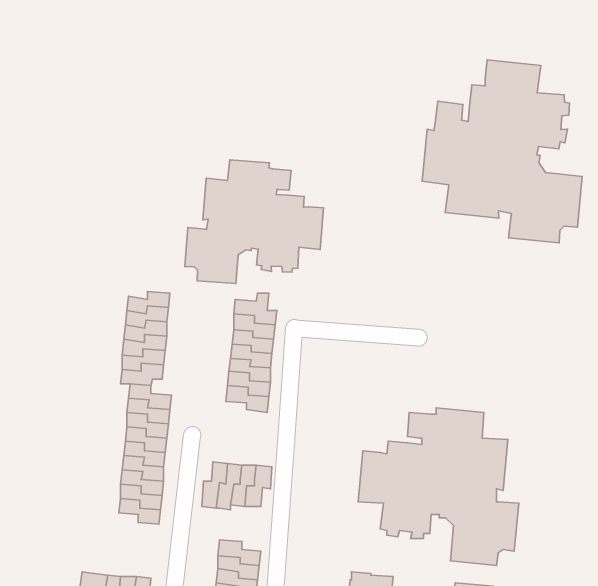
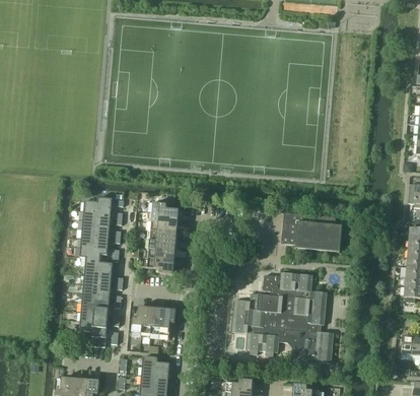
building: [422,60,582,243] -> none
building: [185,160,324,284] -> none
building: none -> [281,211,342,251]

